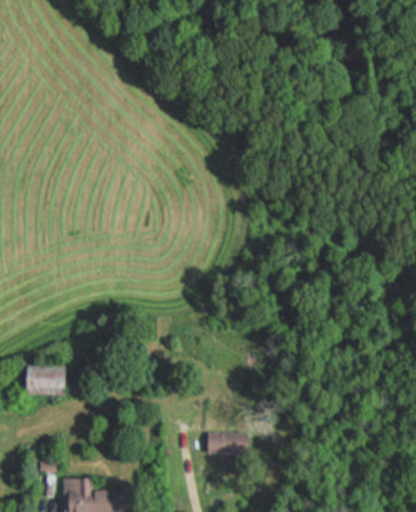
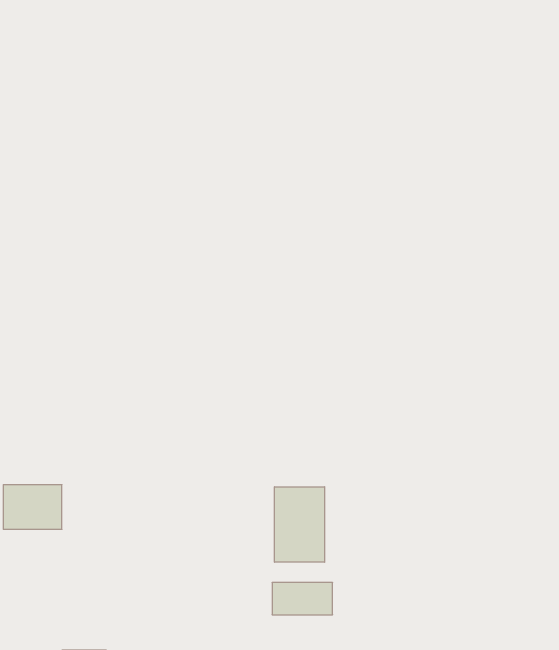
building: none -> [275,487,325,562]

